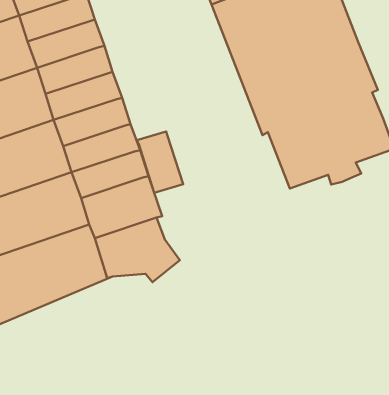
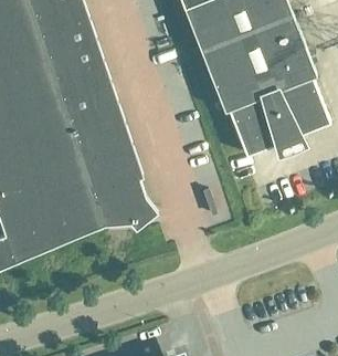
building: [137,131,183,193] -> none

